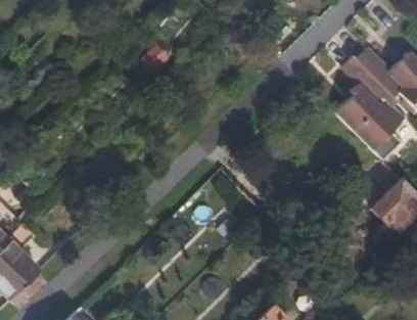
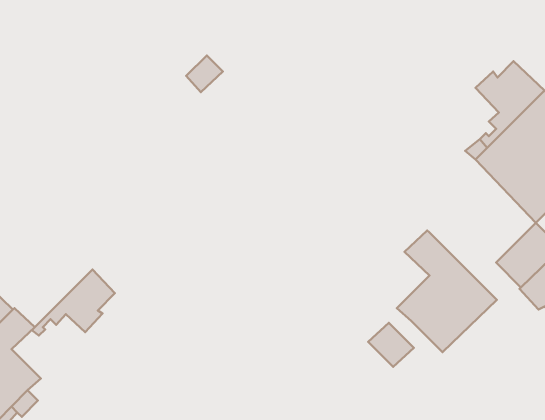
building: none -> [397,230,497,352]
building: none -> [32,269,115,336]

